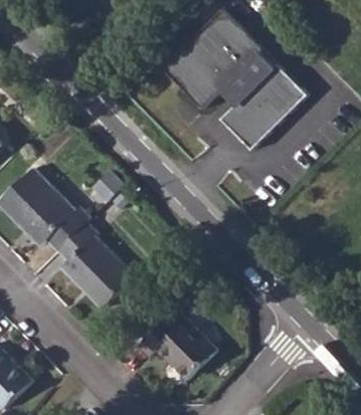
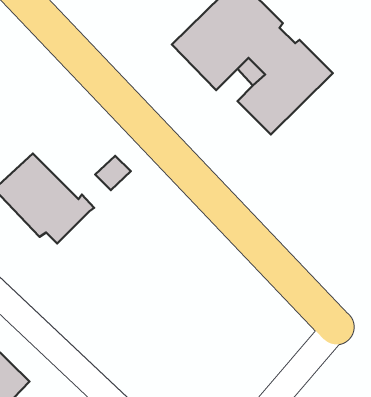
building: [56,222,134,310] -> none
building: [136,317,217,381] -> none

